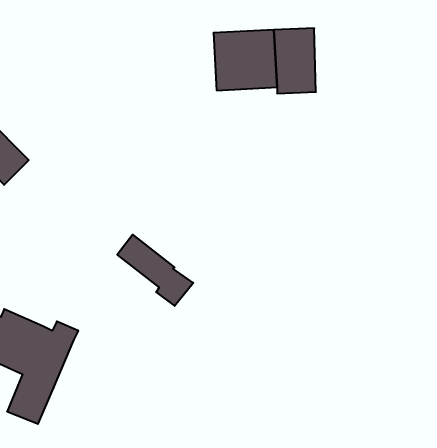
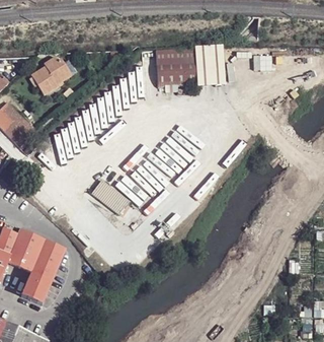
building: none -> [29,55,70,94]

